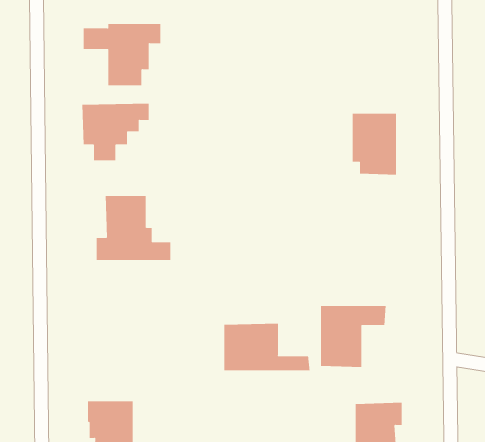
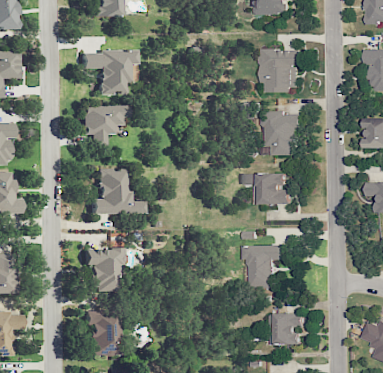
building: none -> [260,49,300,91]
building: none -> [242,173,290,204]
building: none -> [84,249,124,291]
building: [224,323,310,371] -> none

